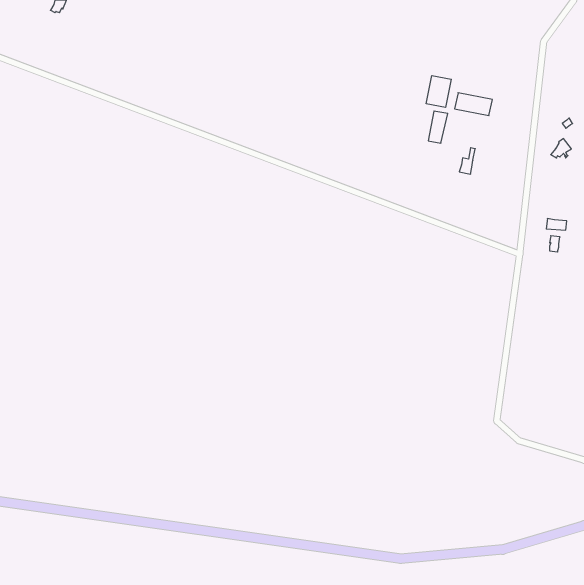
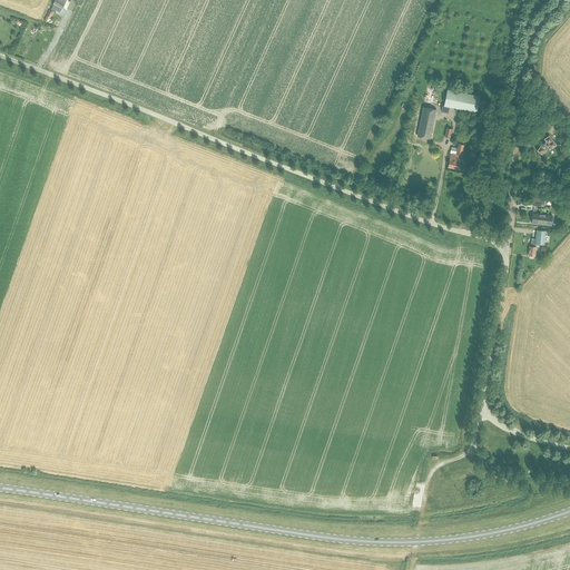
building: [426,76,451,107] -> none

